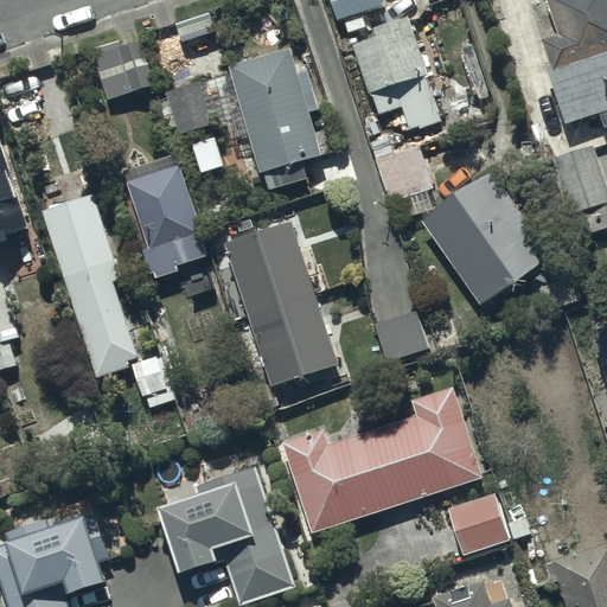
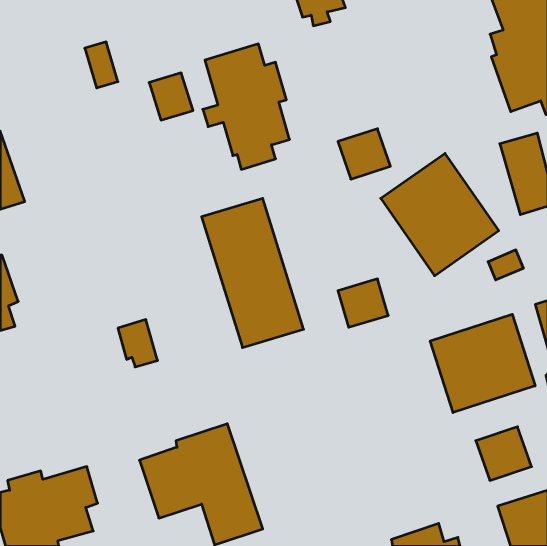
building: [352,14,442,129] -> none
building: [122,154,211,277] -> none
building: [40,193,136,378] -> none
building: none -> [430,314,535,413]
building: [283,385,485,533] -> none
building: [447,494,509,554] -> [476,427,532,480]

